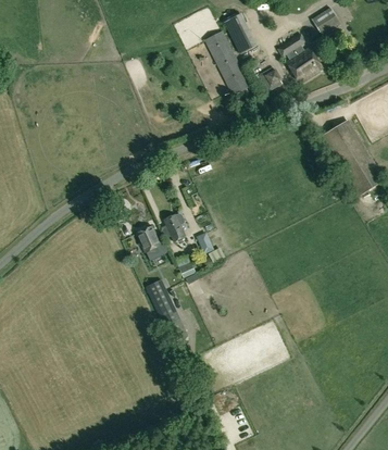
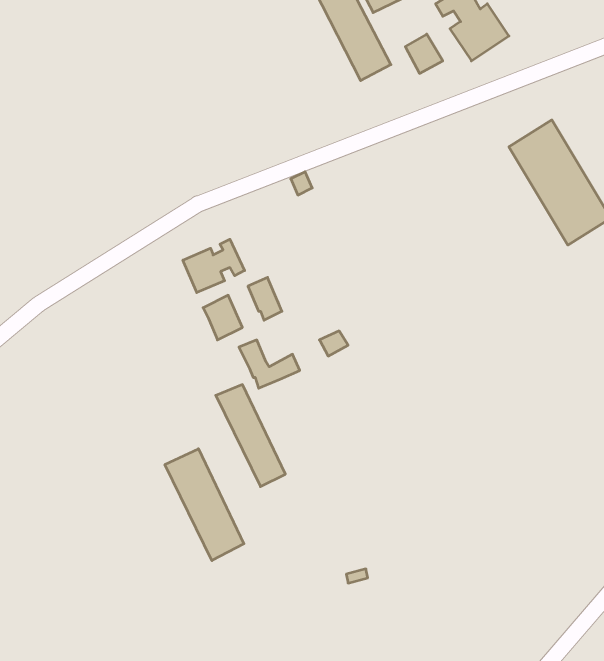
building: none -> [183,239,245,293]
building: none -> [165,449,244,561]

